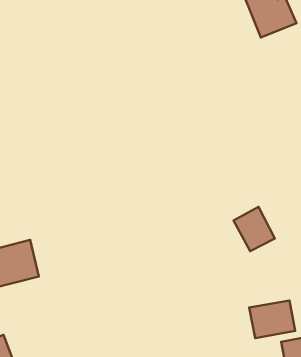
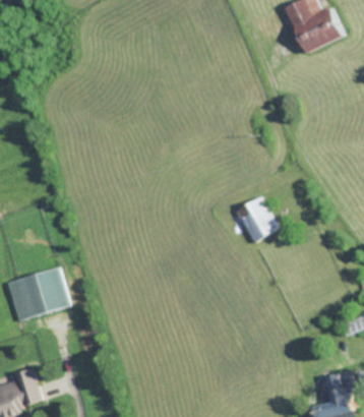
building: [234,207,275,251] -> [236,195,280,242]
building: [249,300,295,338] -> none

